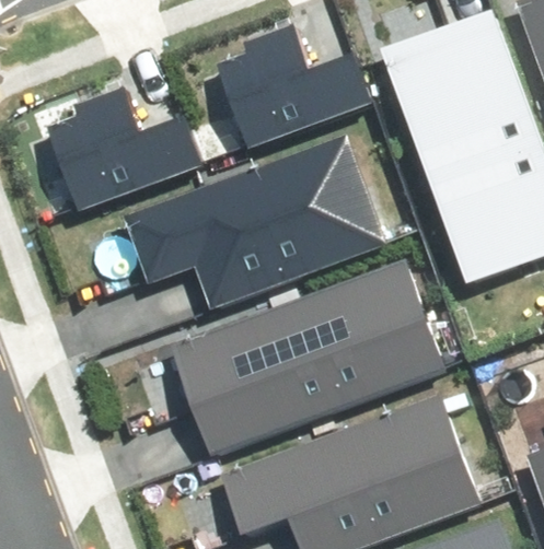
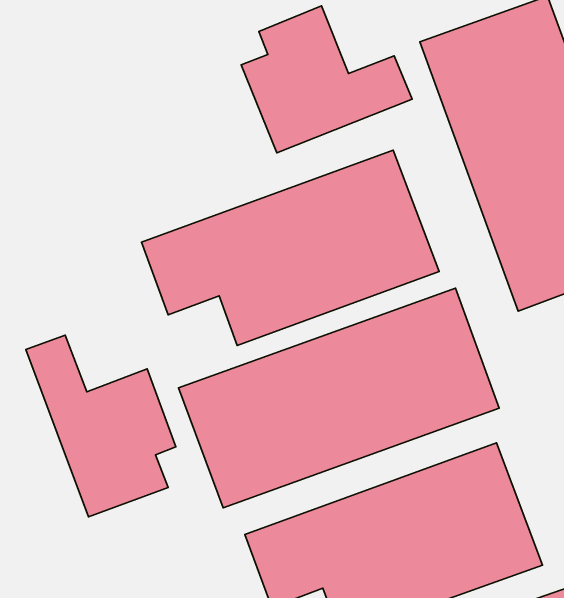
building: [53,80,198,206] -> none
building: none -> [26,335,176,517]

